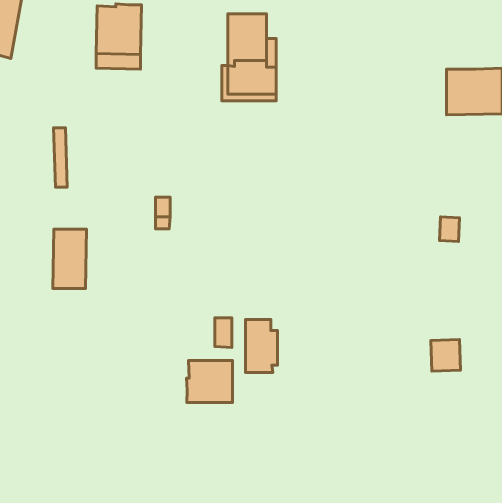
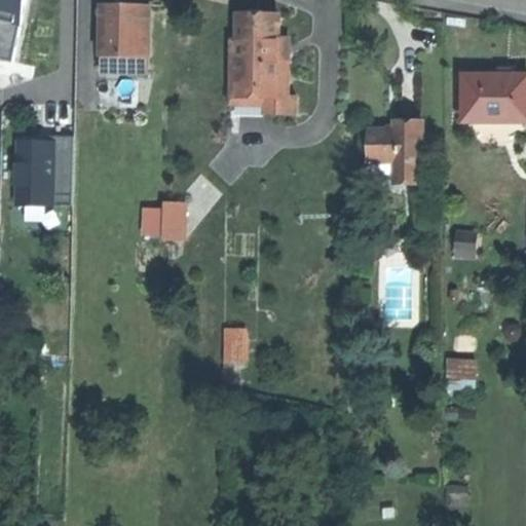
building: none -> [366,121,421,181]
building: [53,229,87,289] -> [16,142,51,203]
building: [246,320,278,373] -> none
building: [186,360,232,402] -> none

